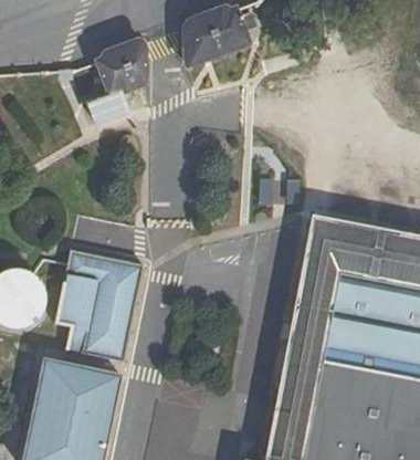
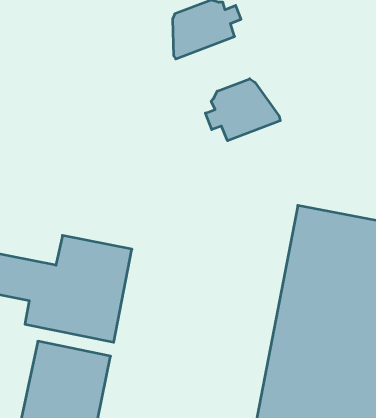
building: [88,36,146,119] -> none
building: none -> [205,79,280,141]

